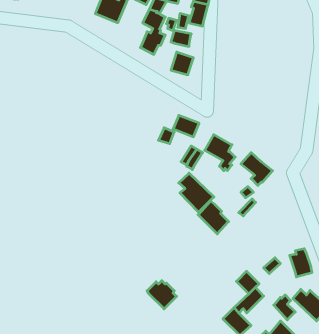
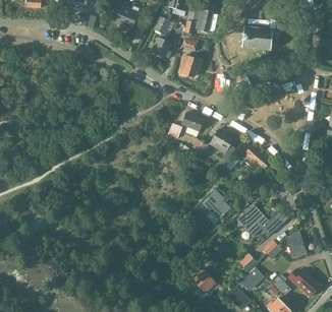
building: none -> [240,25,274,50]
building: [179,173,214,212] -> none
building: none -> [237,204,284,236]
building: [147,281,177,309] -> [189,268,216,294]

